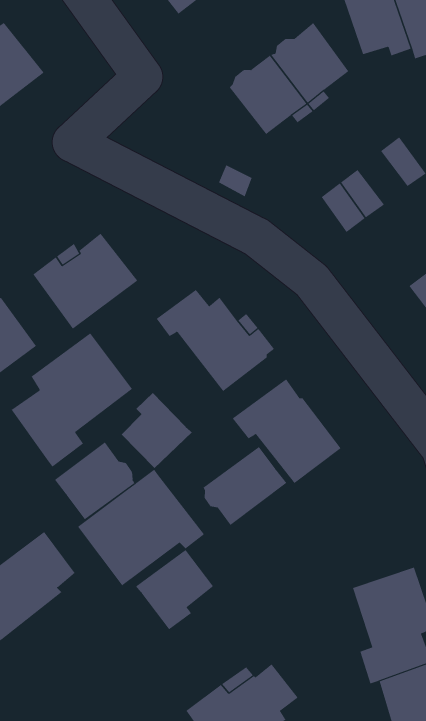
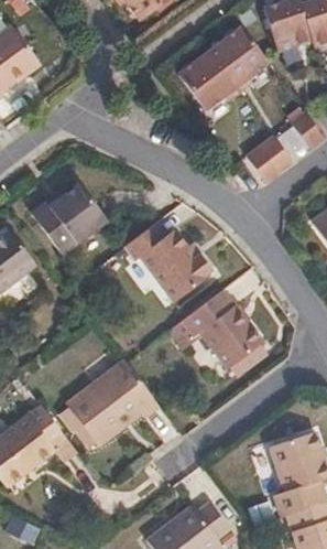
building: [11,332,133,468] -> none
building: [121,392,193,469] -> none
building: [54,442,135,520] -> none
building: [203,446,287,526] -> none
building: [135,549,214,630] -> none

